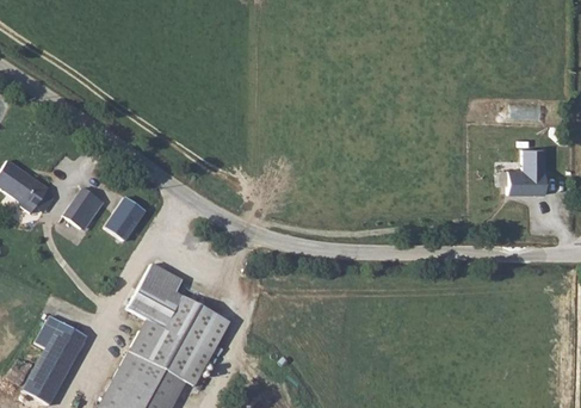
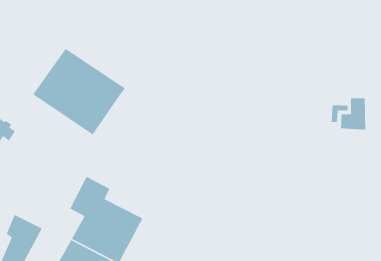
building: none -> [32,48,126,136]
building: [62,190,100,230] -> none
building: [104,197,146,241] -> none

